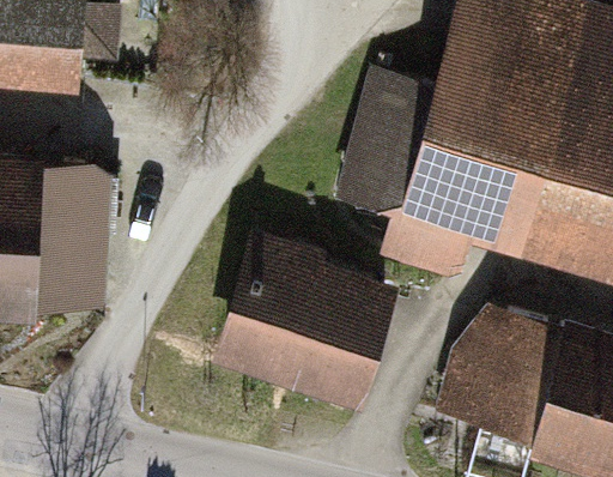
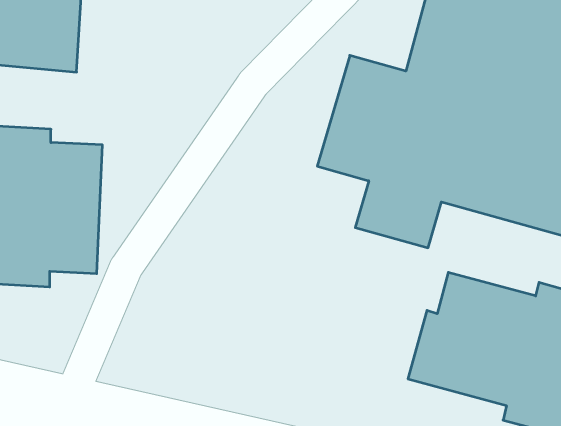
building: [218,231,402,410] -> none

